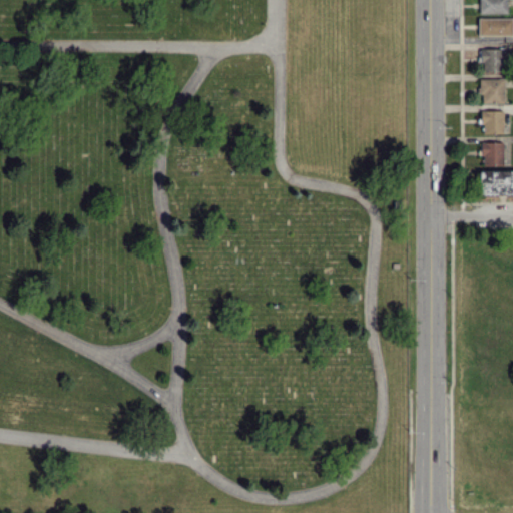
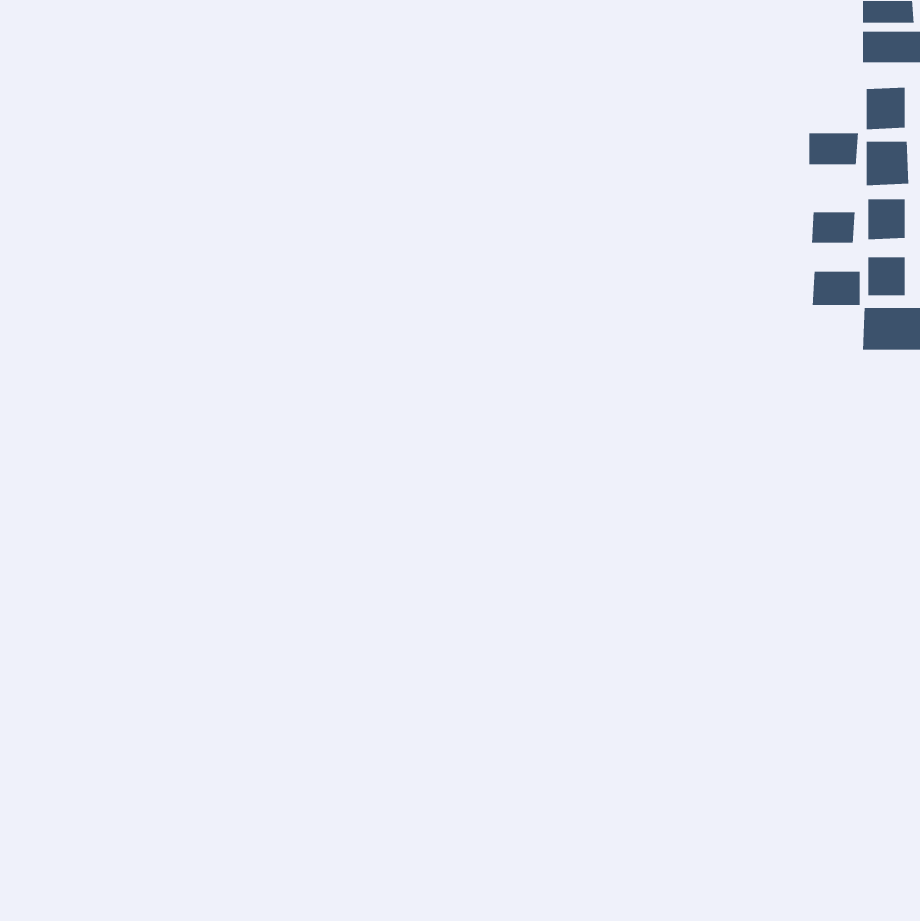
building: none -> [808,133,859,165]
building: none -> [811,211,855,244]
building: none -> [812,271,861,306]

